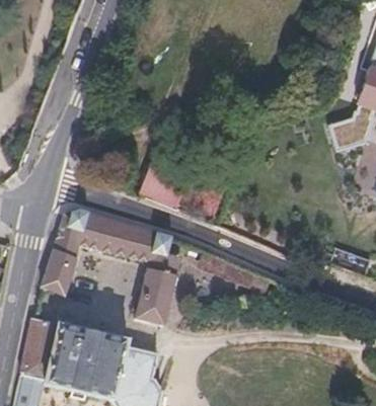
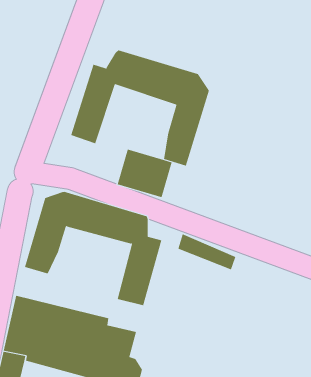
building: none -> [71,50,209,167]

